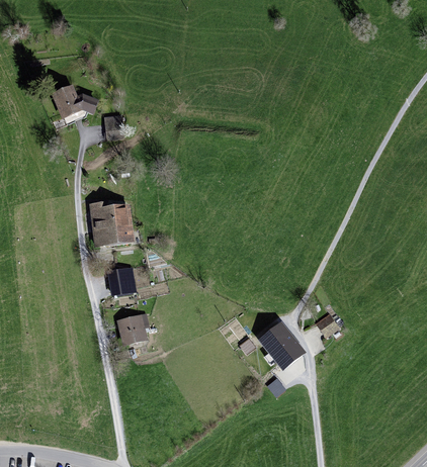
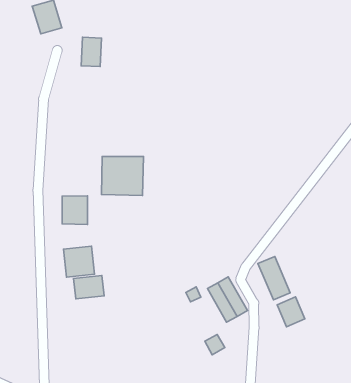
building: [90,204,135,247] -> [102,157,143,196]
building: none -> [277,297,305,327]
building: none -> [74,275,104,299]

